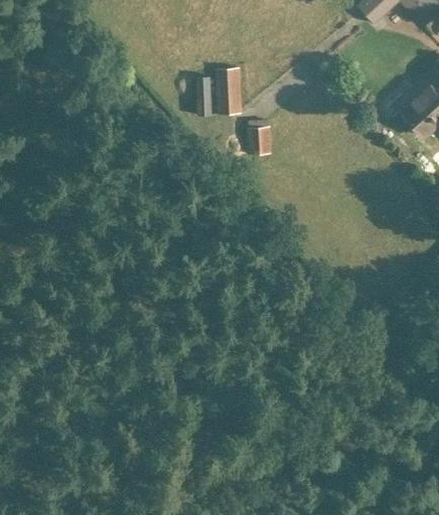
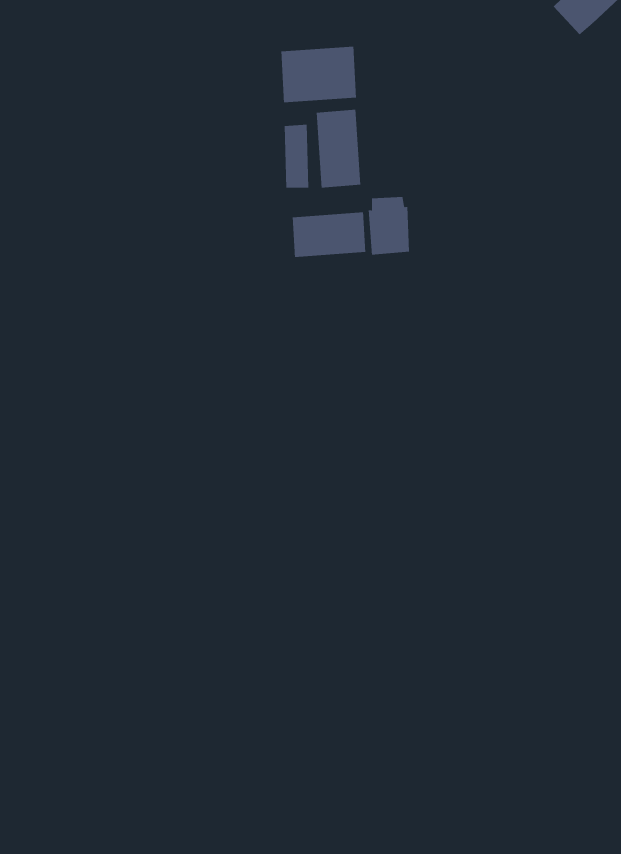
building: none -> [281,46,357,103]
building: none -> [292,211,366,258]

